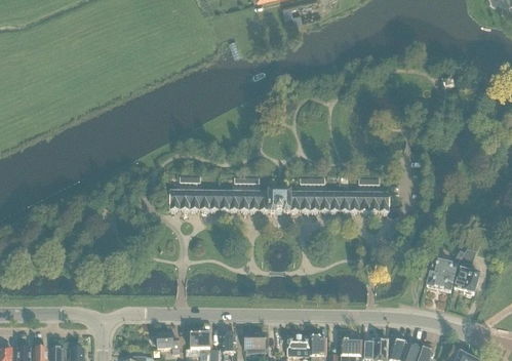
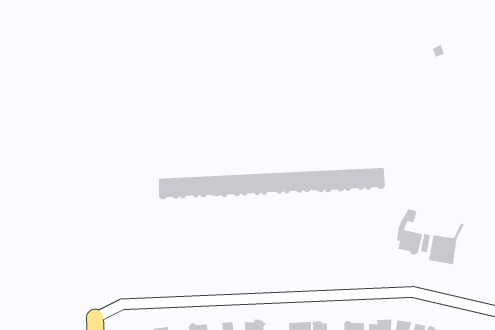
building: [452,247,479,293] -> [396,208,423,255]

